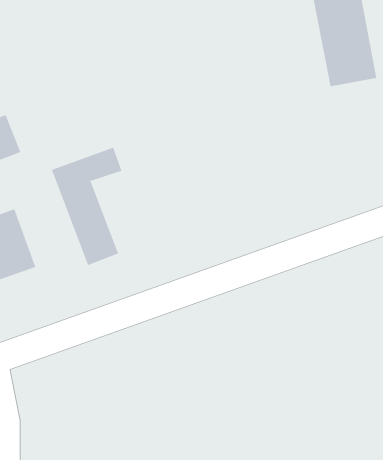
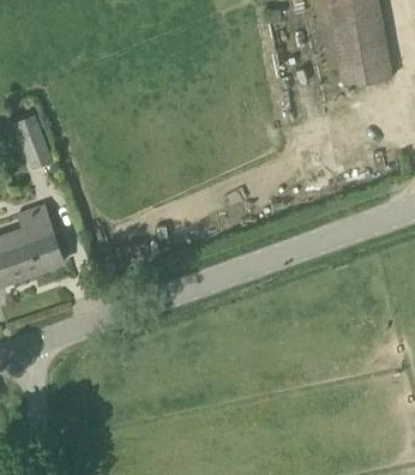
building: [51,147,122,266] -> none

